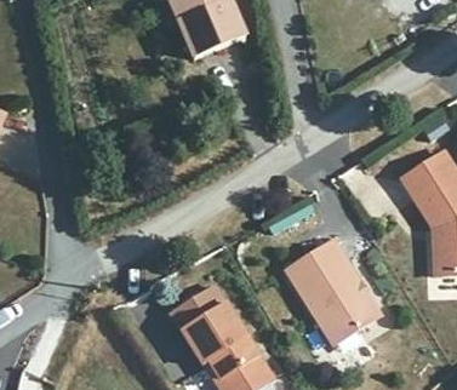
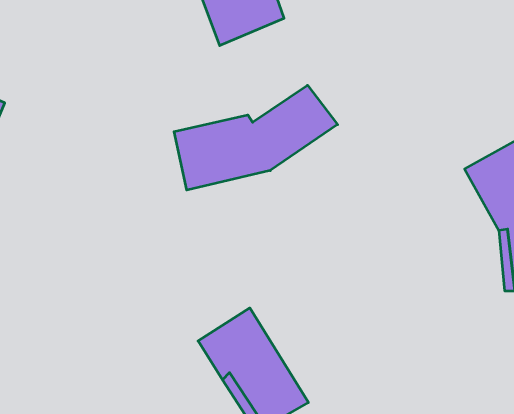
building: none -> [174,85,338,190]
building: [279,230,372,333] -> none

